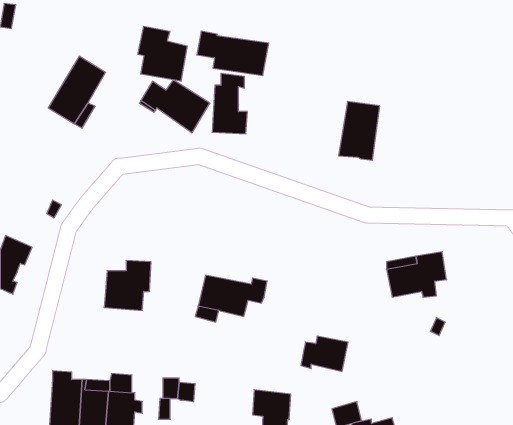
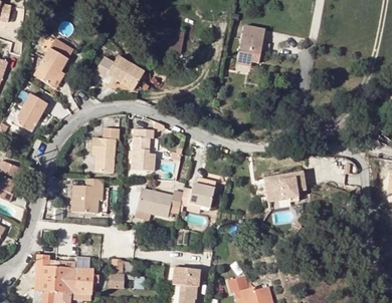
building: [138,26,187,81] -> none
building: [212,73,247,134] -> [132,128,156,170]
building: [339,101,380,160] -> [237,23,265,63]
building: none -> [14,93,47,132]
building: none -> [92,127,119,172]
building: [301,336,348,371] -> [181,184,213,208]

